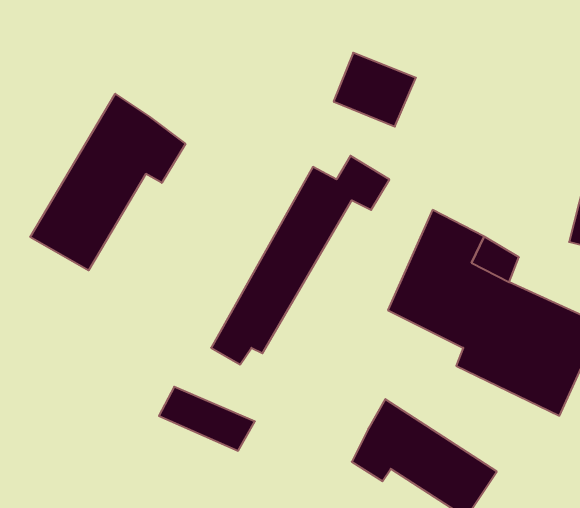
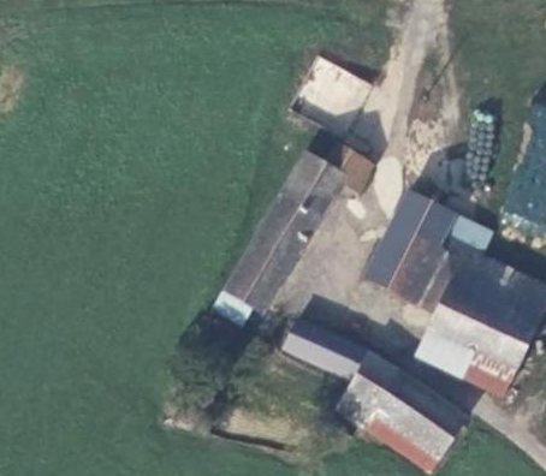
building: [30,94,185,270] -> none
building: none -> [410,326,512,397]
building: [159,387,255,451] -> [279,325,362,380]

